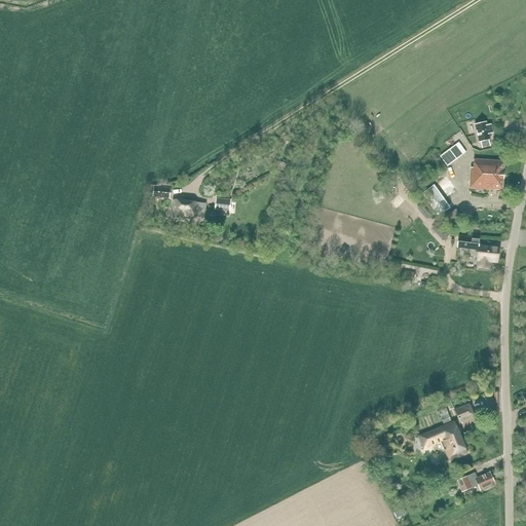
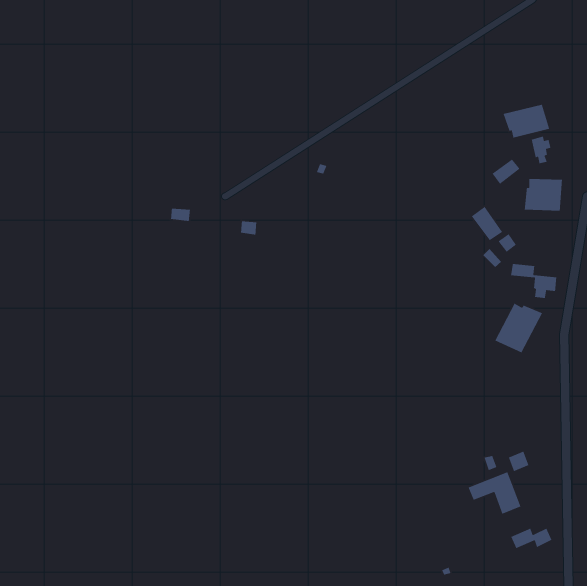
building: none -> [502,104,550,138]
building: [170,199,205,219] -> none
building: none -> [494,303,543,354]

